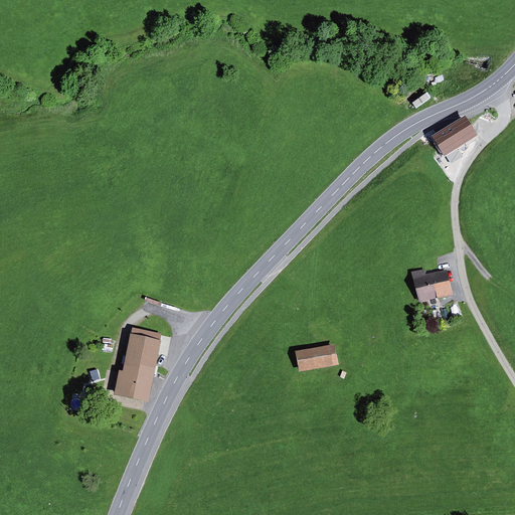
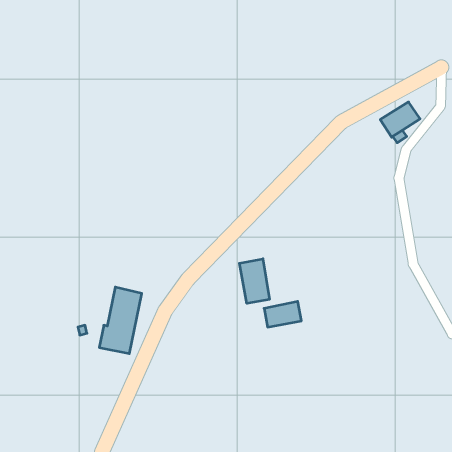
building: [411,268,454,301] -> none
building: none -> [239,259,269,303]

